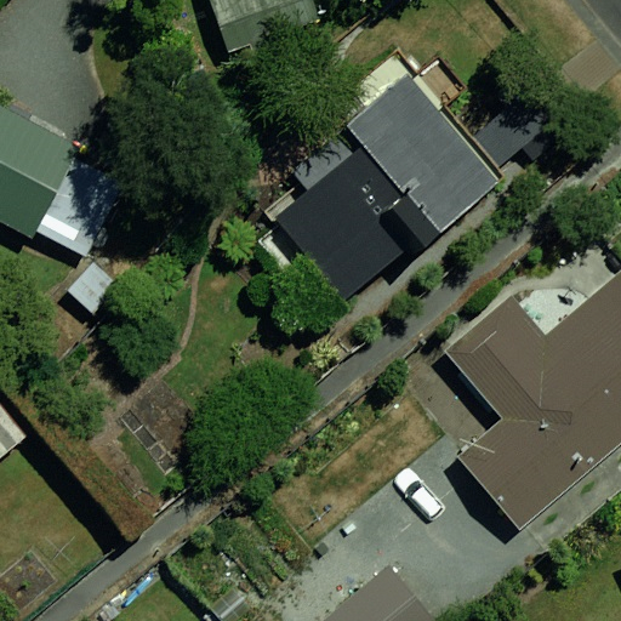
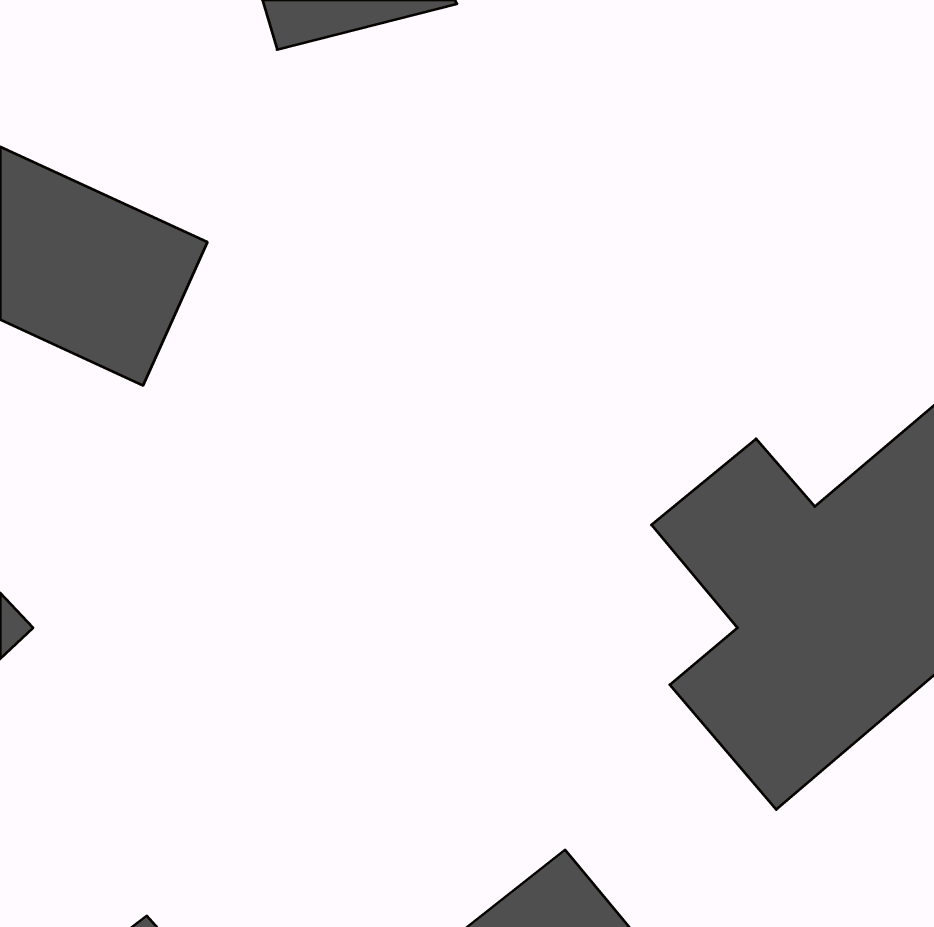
building: [283,63,505,297] -> none

